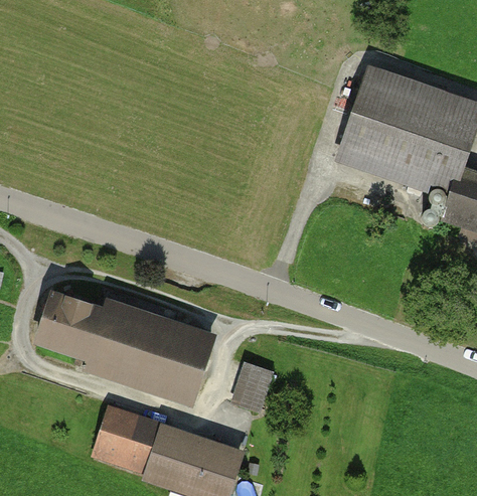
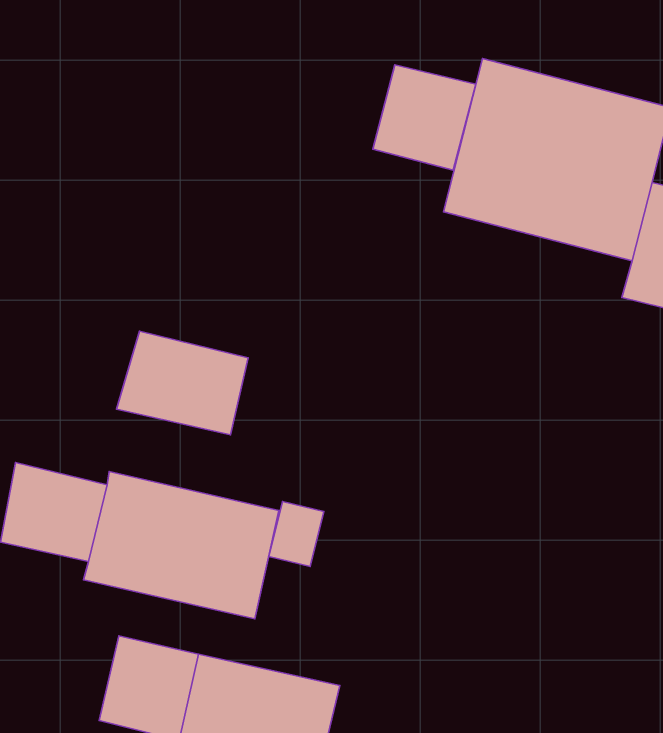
building: none -> [373,65,476,170]
building: none -> [117,331,248,435]
building: [237,365,274,406] -> [269,502,324,566]

